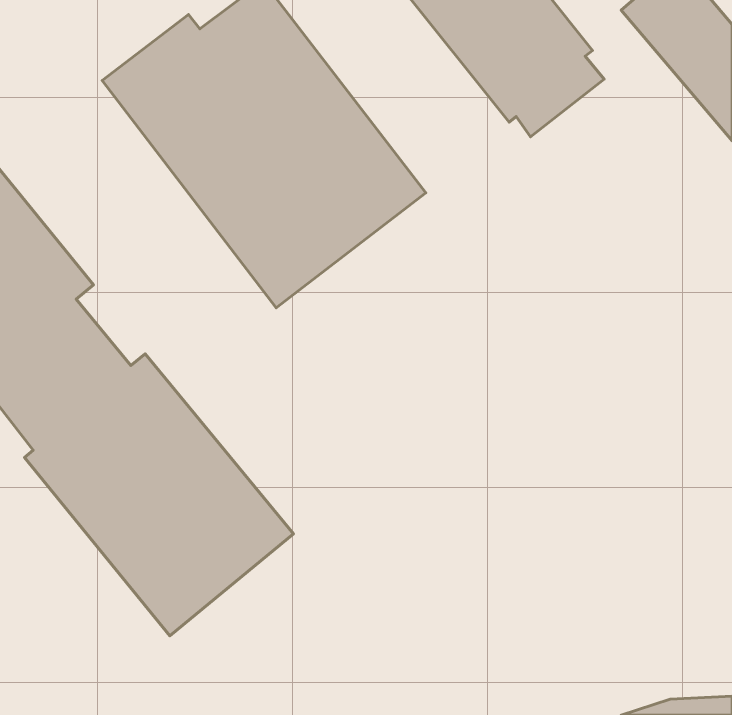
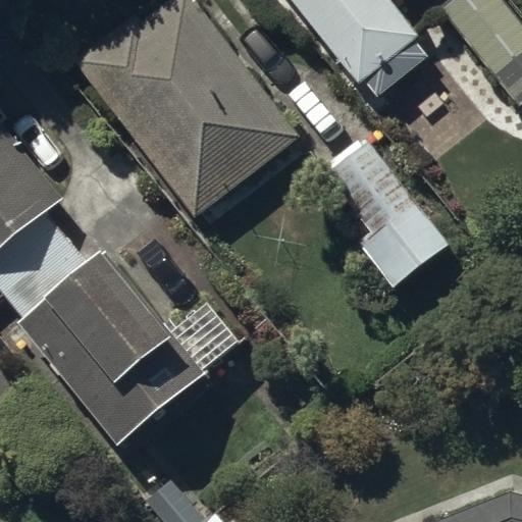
building: none -> [310,138,452,293]

